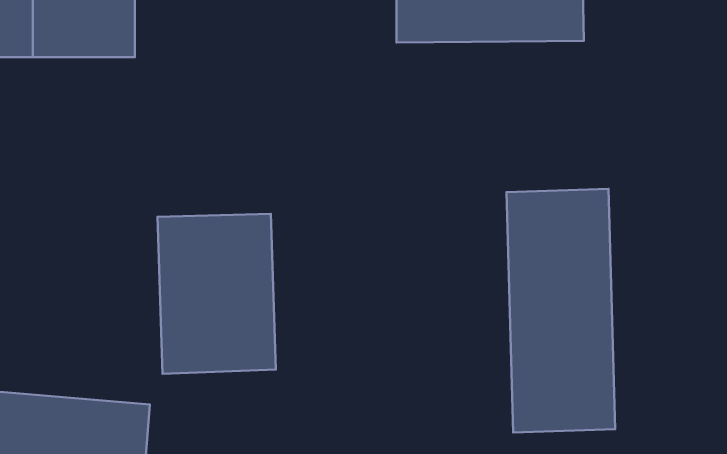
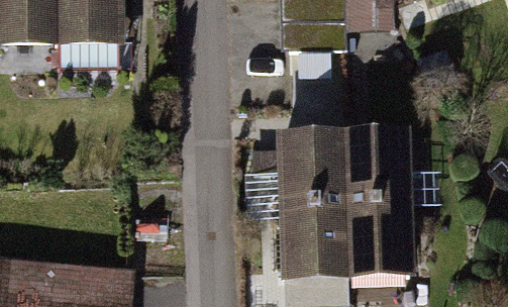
building: none -> [283,138,348,288]
building: [157,214,276,374] -> none

